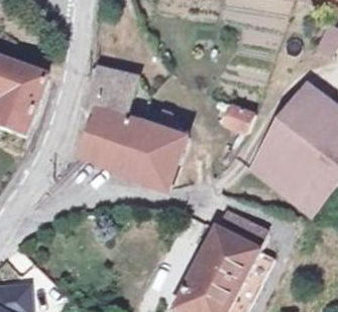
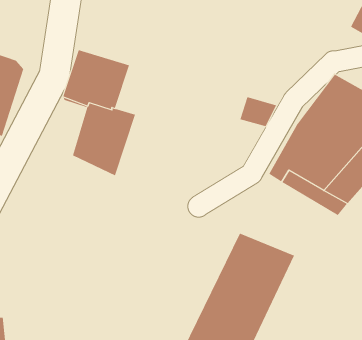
building: [121,111,186,183] -> none

